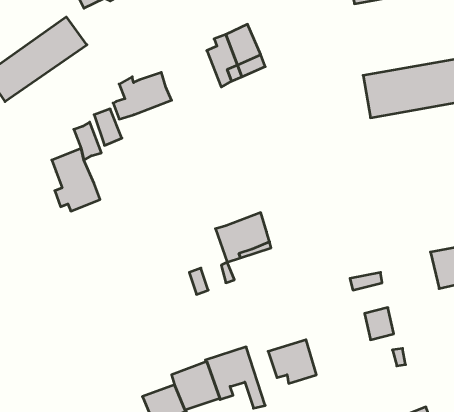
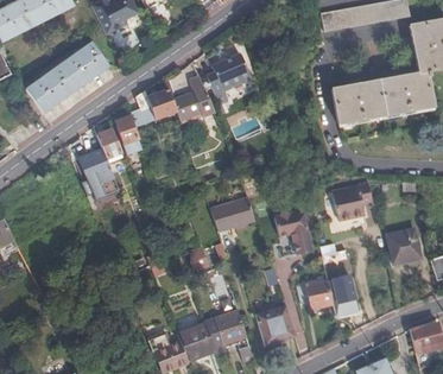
building: none -> [172,77,215,125]
building: none -> [331,184,372,222]
building: none -> [276,210,312,253]
building: none -> [298,280,334,309]

